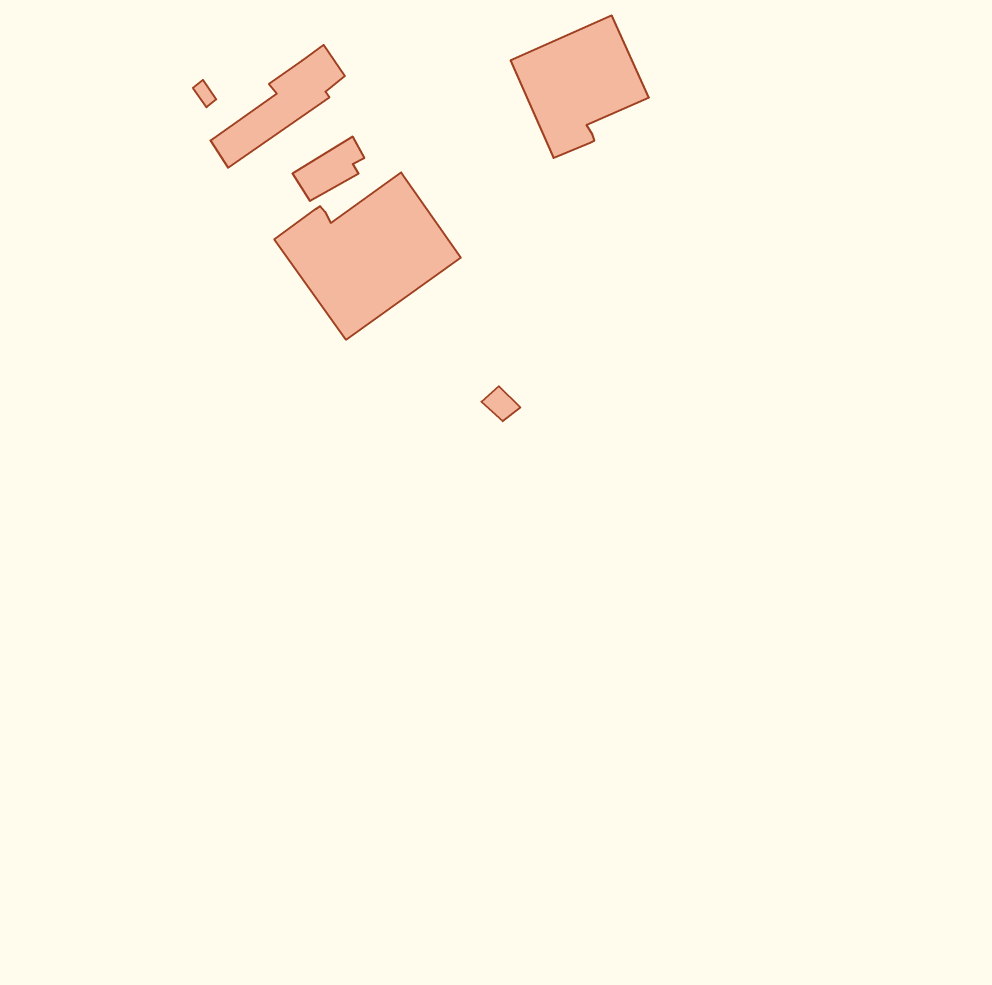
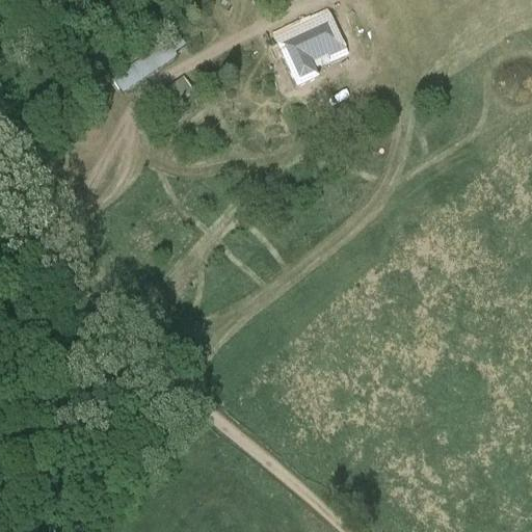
building: [274,172,461,340] -> none

